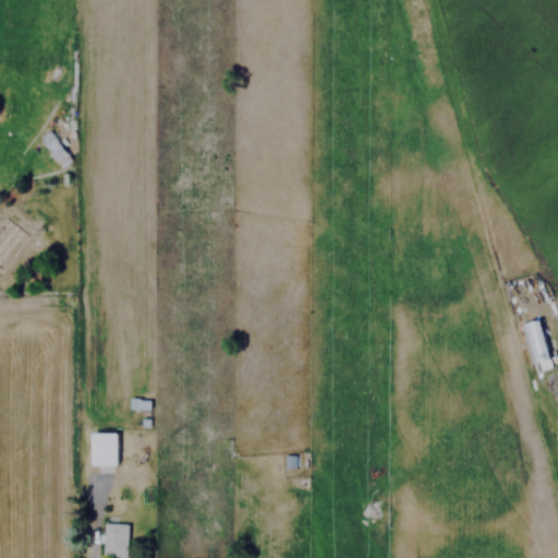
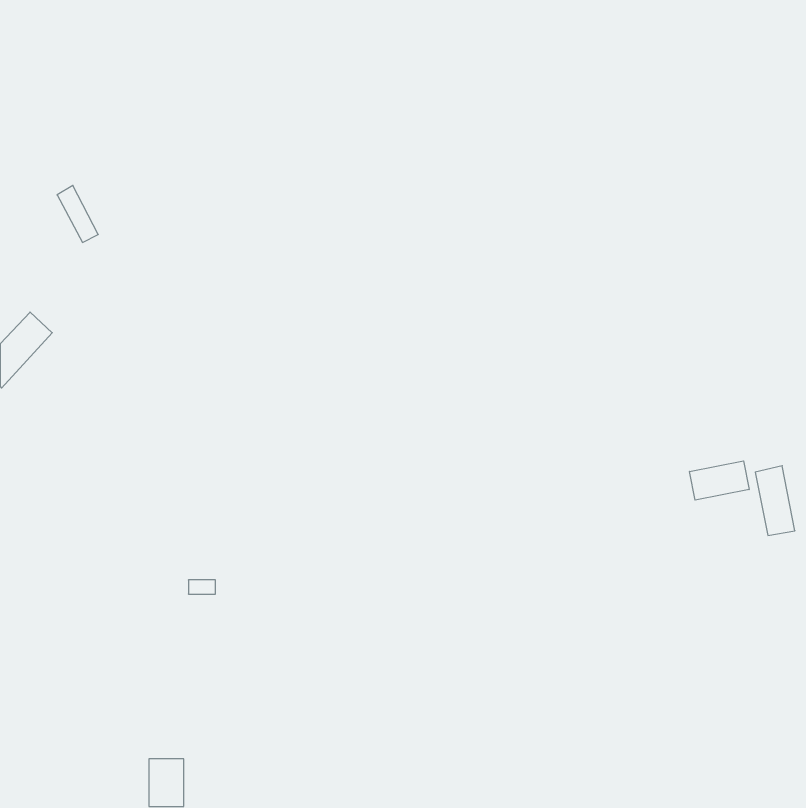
building: none -> [690,461,749,500]
building: [92,433,118,465] -> none

